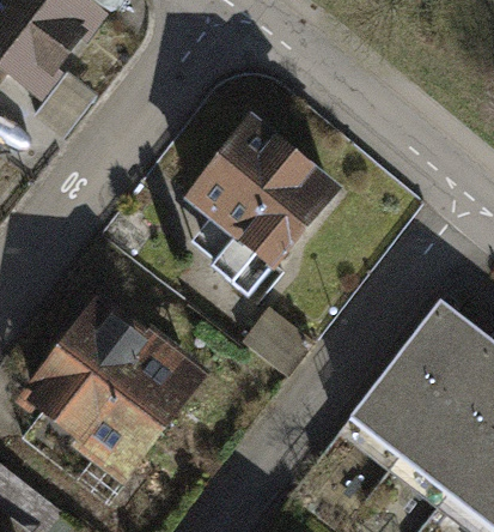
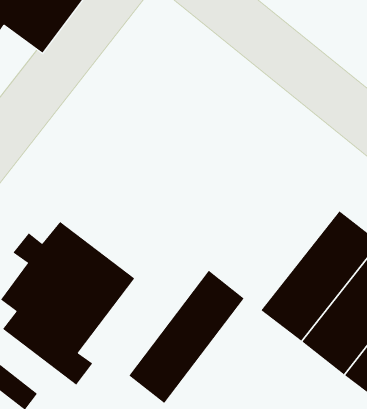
building: [184,120,334,298] -> none
building: none -> [128,270,245,404]

